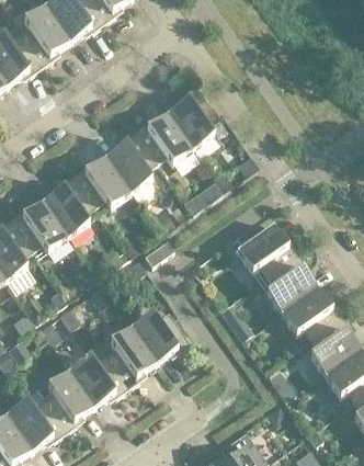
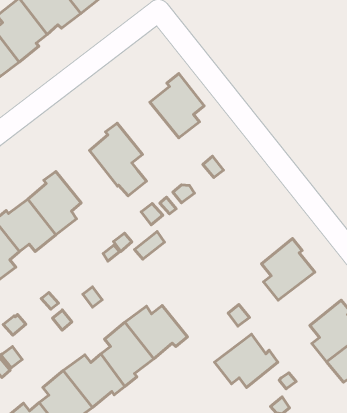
building: [132,113,191,164] -> none
building: [69,157,128,208] -> none
building: [235,224,296,276] -> none
building: [278,287,340,339] -> [215,334,278,388]

